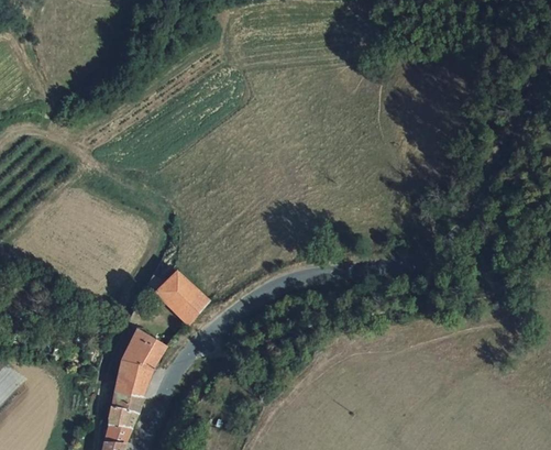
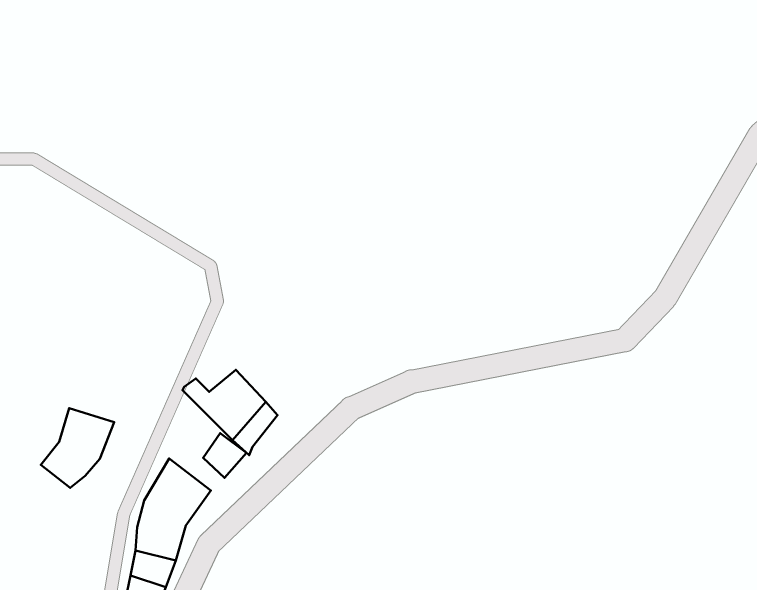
building: none -> [41,408,114,488]
building: none -> [203,433,246,478]

